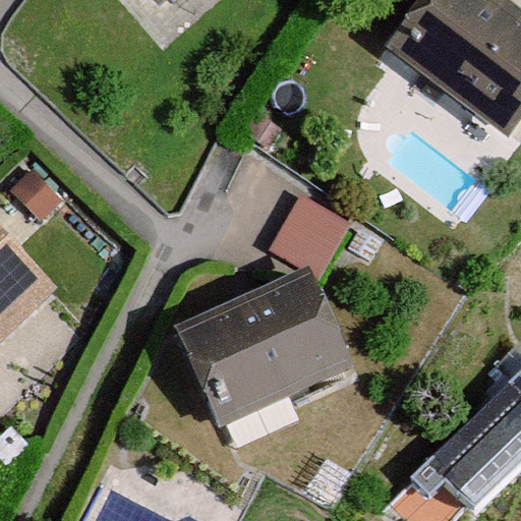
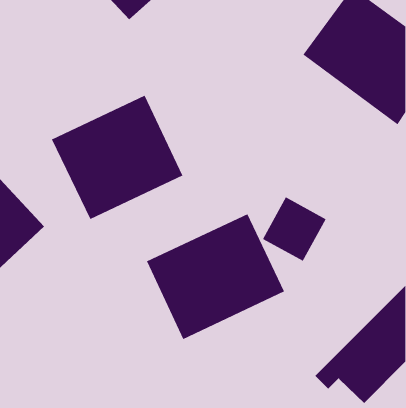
building: none -> [51,95,183,220]
building: [270,190,351,273] -> [262,197,326,262]

